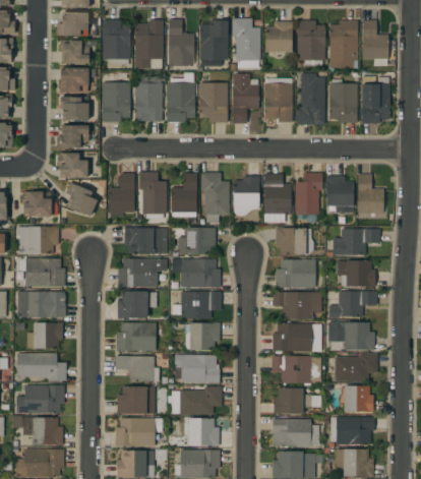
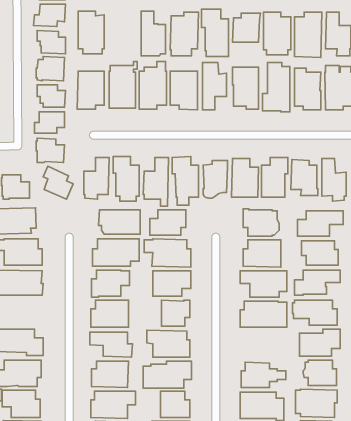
building: [135,19,163,68] -> none
building: [26,322,63,349] -> none
building: [272,356,321,383] -> none

